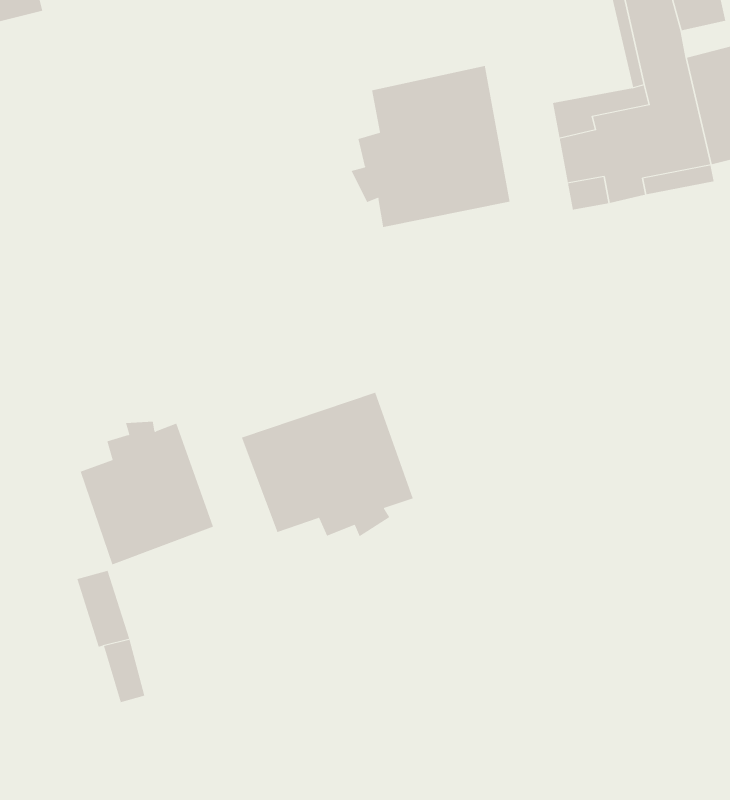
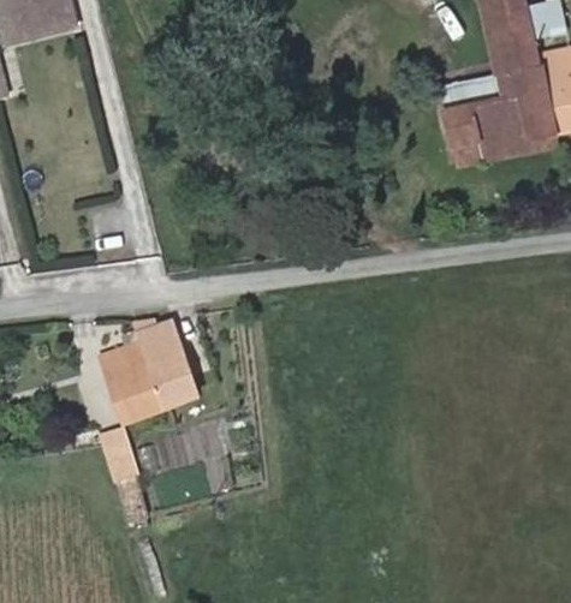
building: [351,65,510,228] -> none
building: [241,392,413,537] -> none

